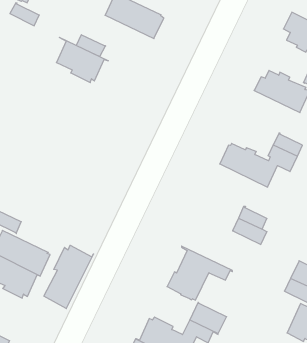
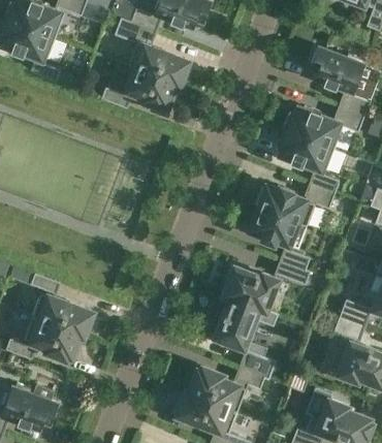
building: [56,37,108,83] -> [127,65,180,108]
building: none -> [281,129,335,169]
building: none -> [249,207,308,248]
building: none -> [225,267,279,314]
building: [44,245,94,309] -> none

